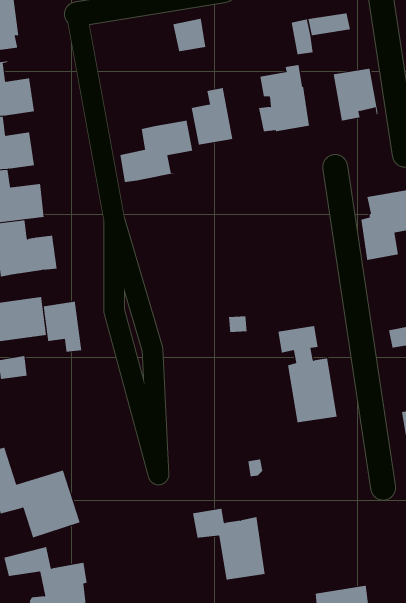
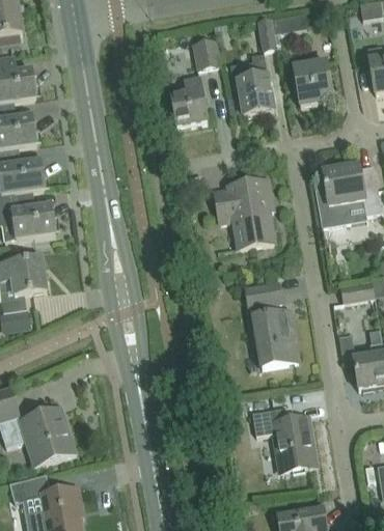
building: [172,18,206,52] -> [192,39,221,68]
building: [120,120,193,183] -> none
building: none -> [215,179,274,251]
building: [43,301,82,352] -> none
building: [192,508,265,580] -> [252,409,316,471]

